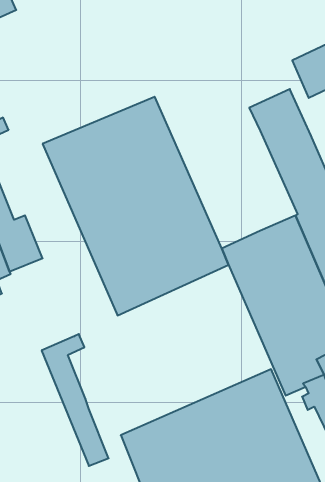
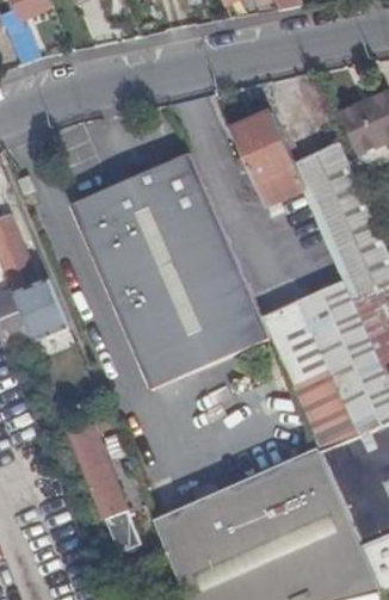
building: none -> [231,111,305,205]

